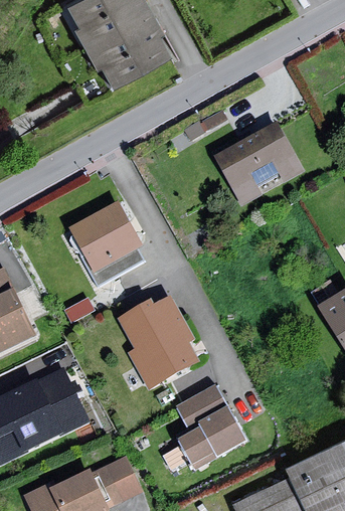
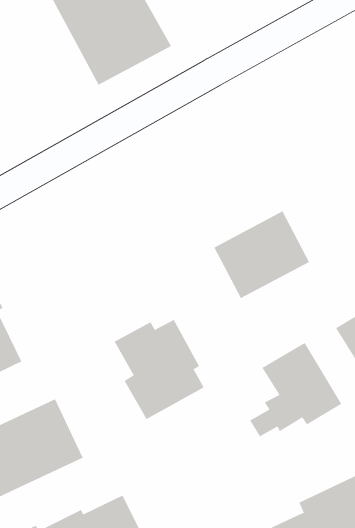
building: [215,124,302,203] -> [214,211,310,299]
building: [66,205,145,288] -> none
building: [164,385,247,471] -> [249,342,342,437]

